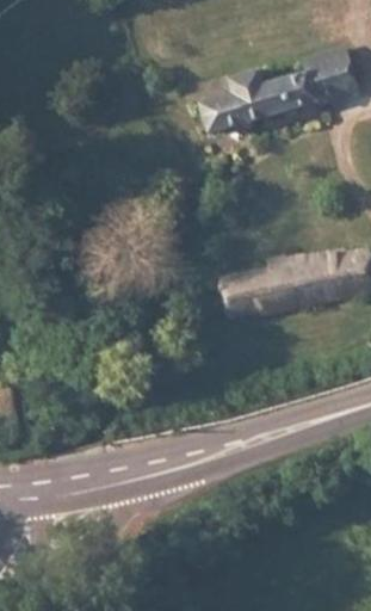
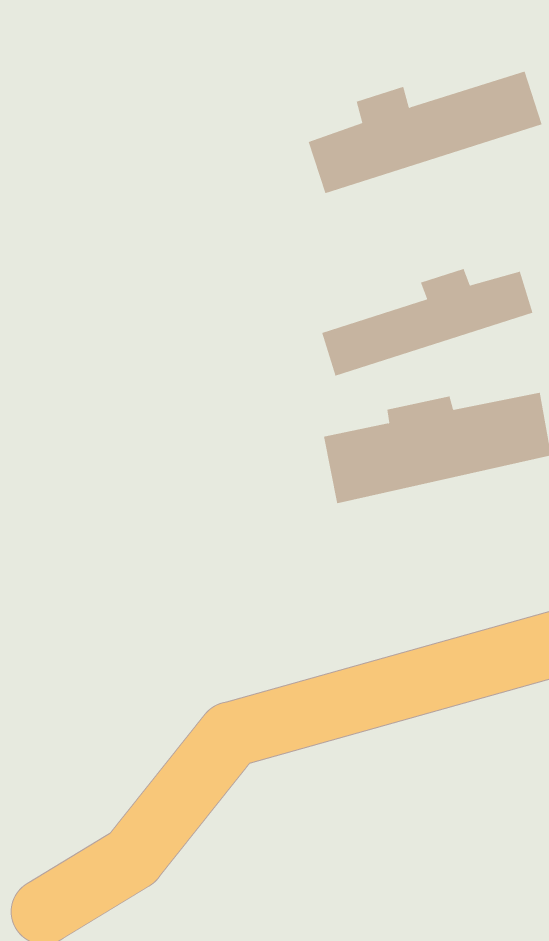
building: none -> [321,268,533,376]

